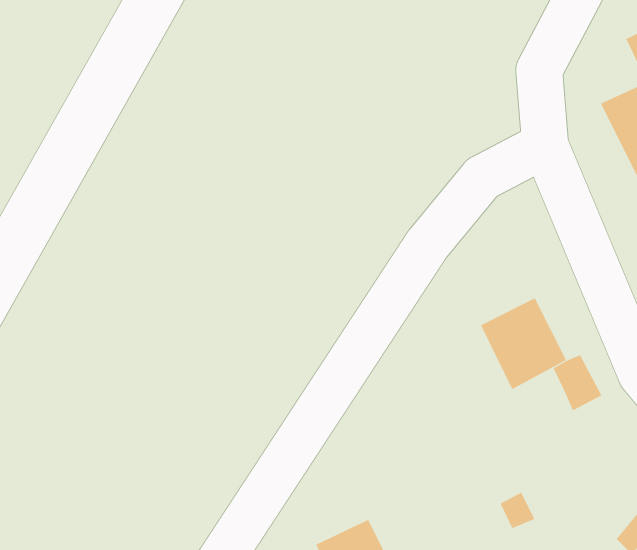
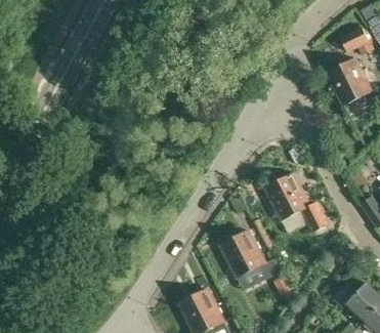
building: none -> [219,231,264,278]

